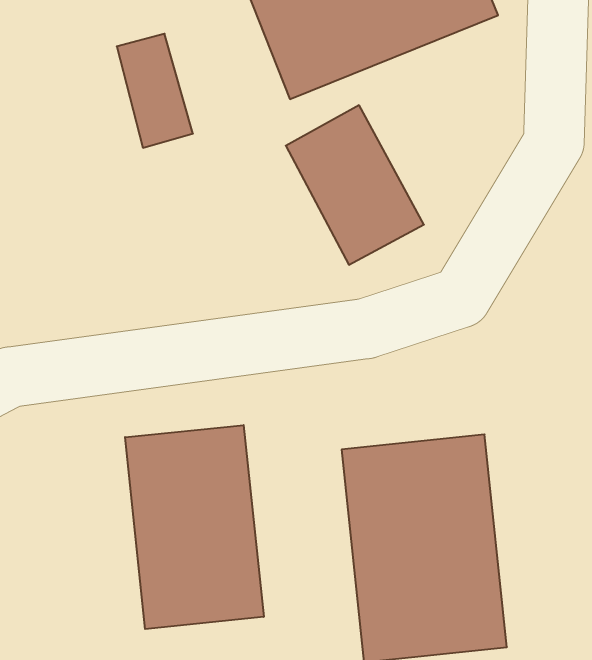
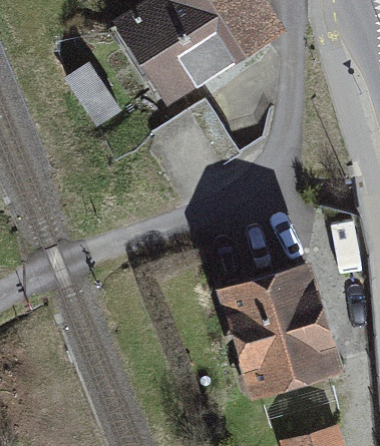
building: [125,425,264,629] -> none

